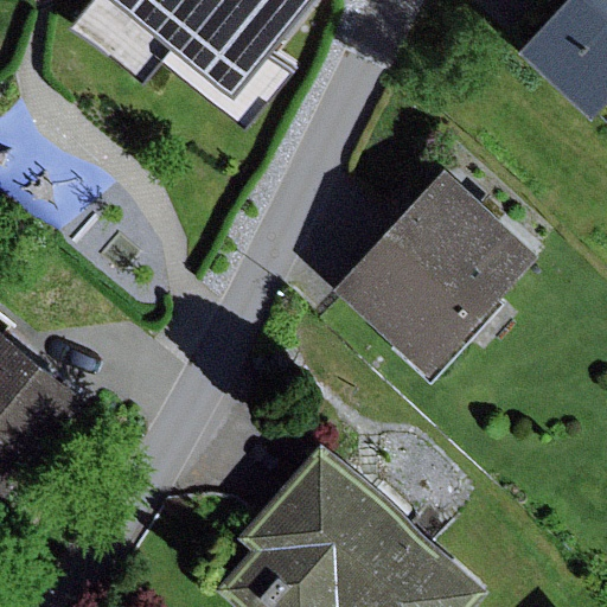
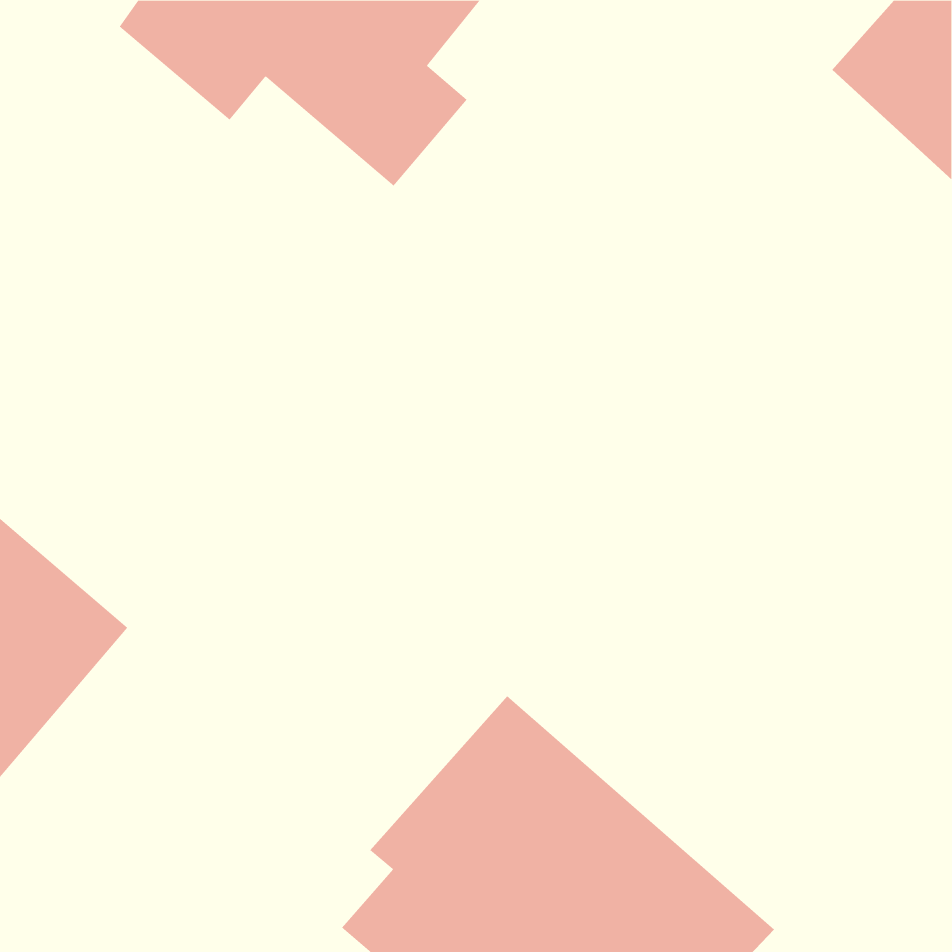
building: [333,168,538,375] -> none

